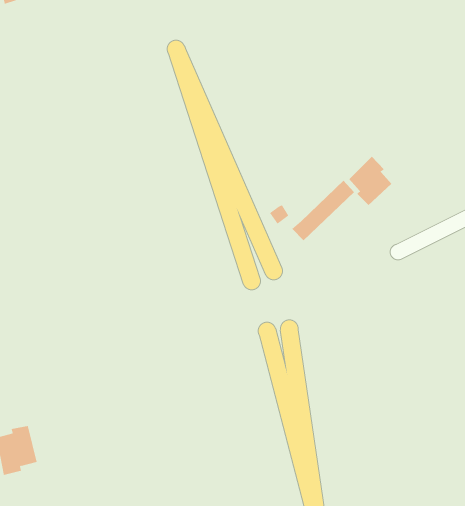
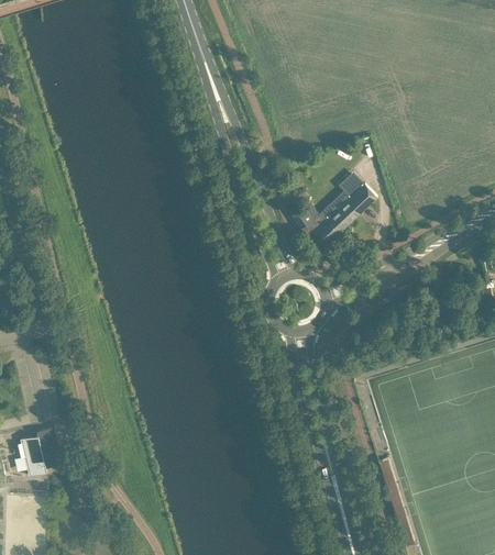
building: [348,156,392,206] -> none

